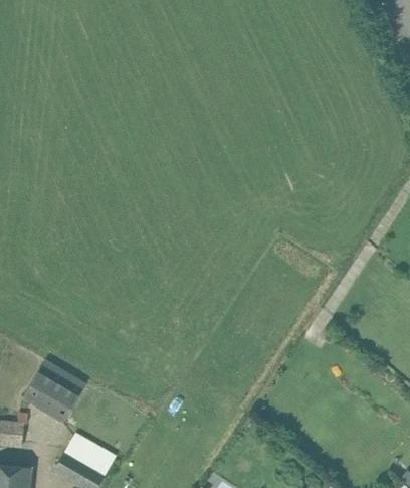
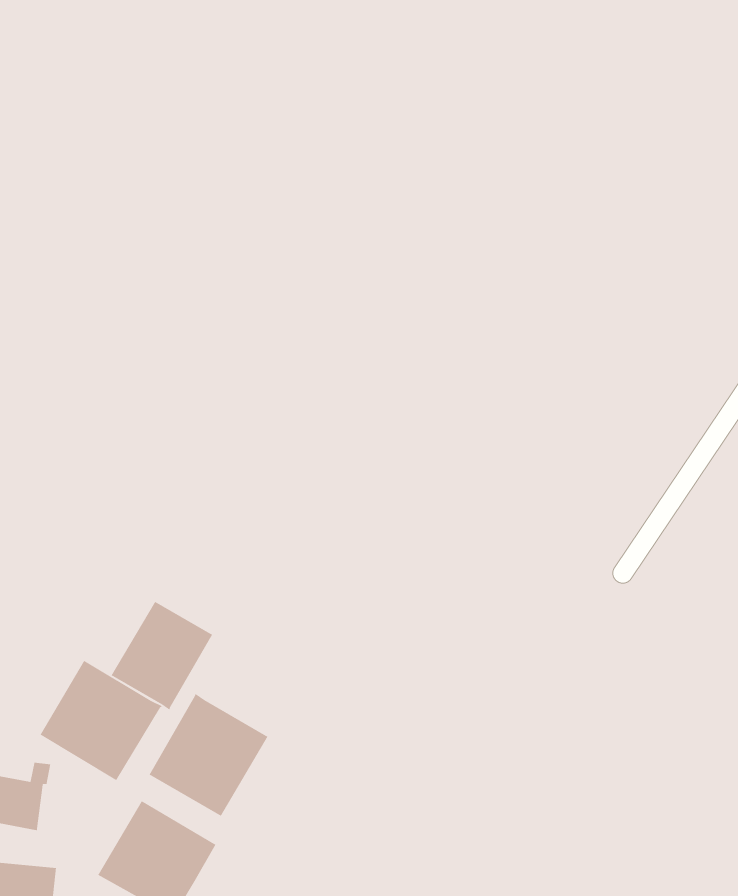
building: none -> [111,601,213,711]
building: none -> [148,693,269,817]

